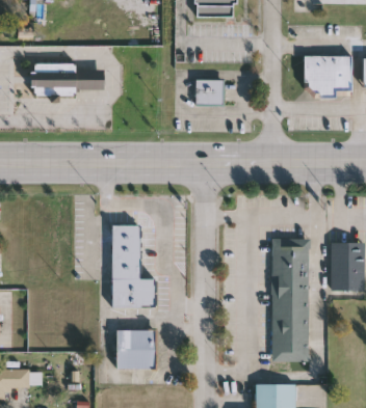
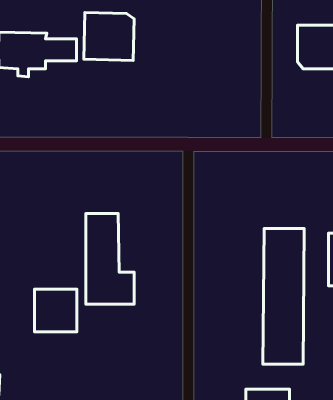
building: none -> [84,13,134,60]
building: [197,80,223,104] -> none
building: [116,330,155,369] -> [34,289,77,332]

